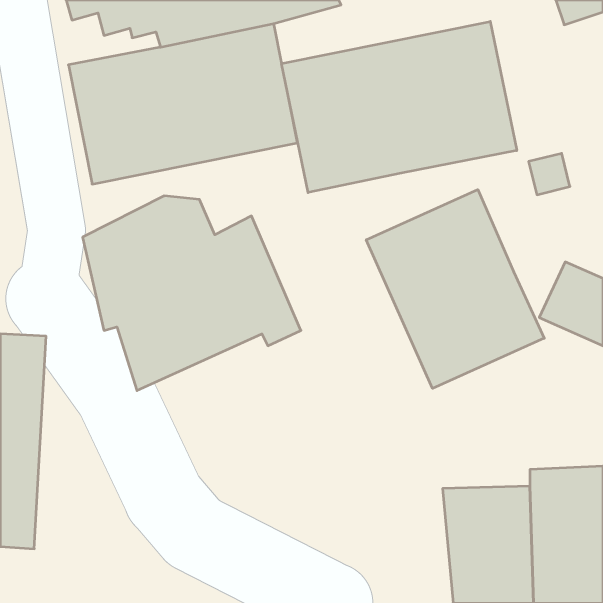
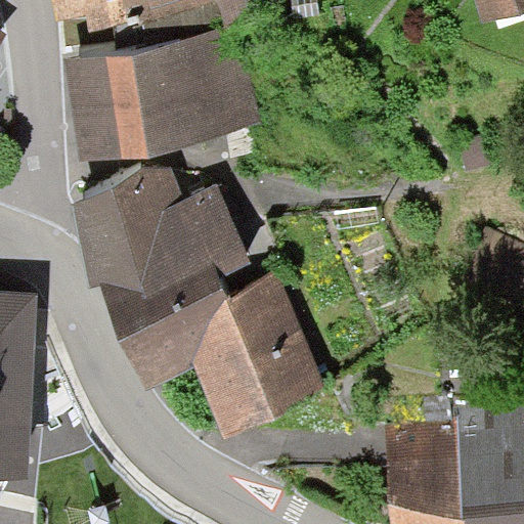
building: [282,21,517,193] -> none
building: [366,190,544,388] -> none
building: none -> [119,279,331,440]

